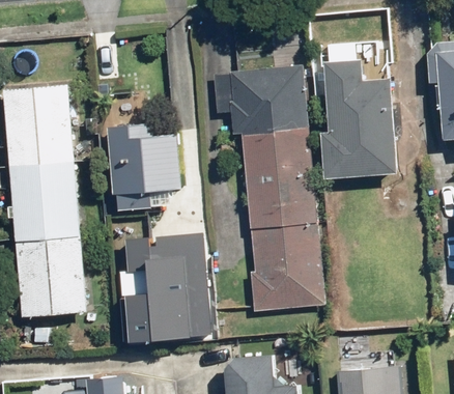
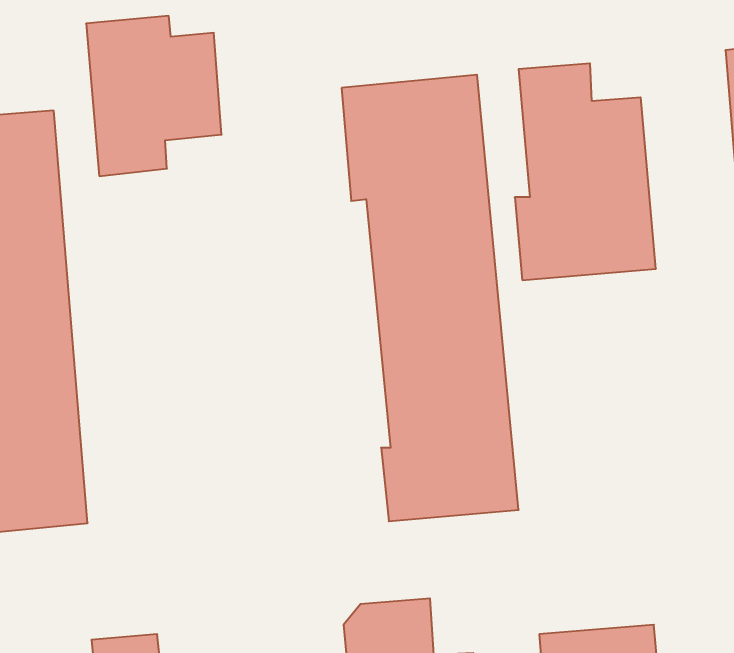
building: [108,123,182,212] -> [86,16,222,176]
building: [127,233,215,338] -> none

